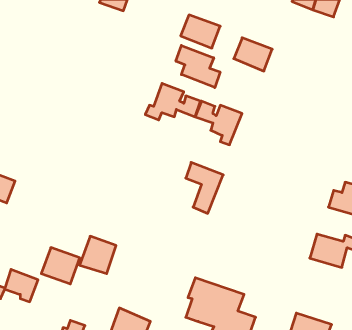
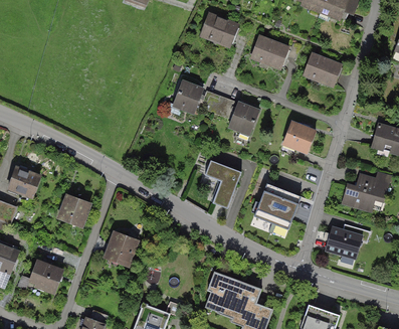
building: [176,45,220,88] -> none
building: none -> [304,54,341,87]
building: none -> [280,123,315,157]
building: none -> [251,180,303,231]
building: [41,248,80,284] -> [55,190,92,225]

